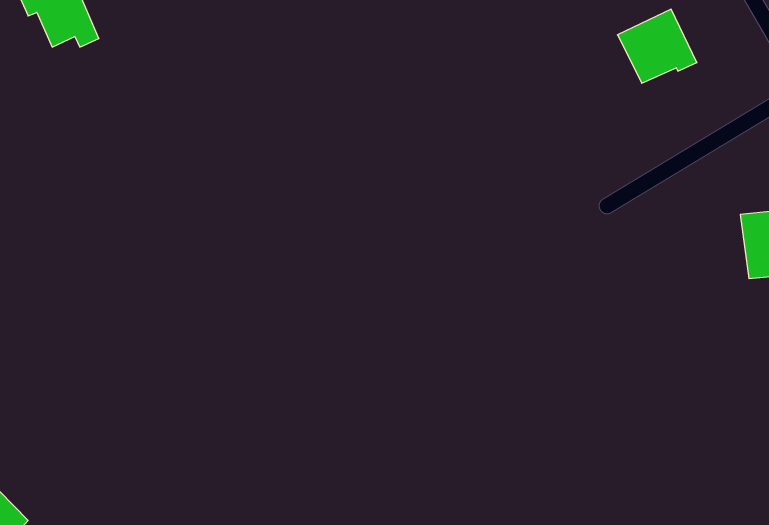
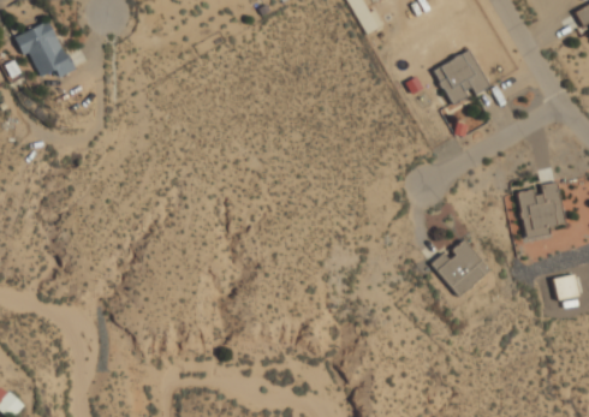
building: none -> [430,239,489,297]

